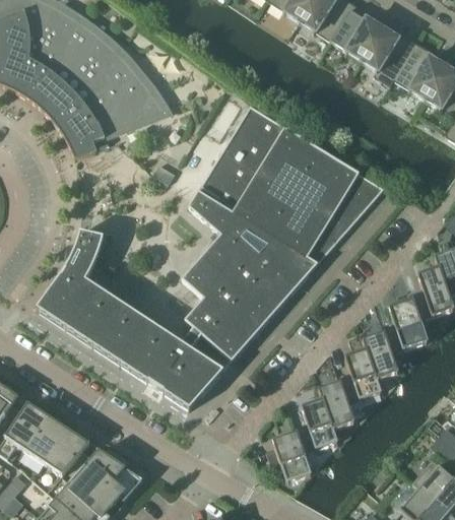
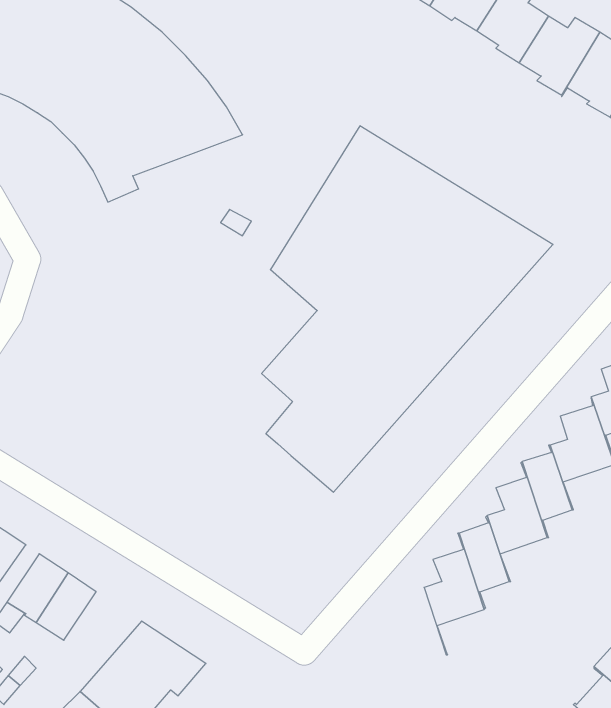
building: [37,231,224,408] -> none
building: [267,426,311,480] -> none
building: [46,429,90,474] -> none

